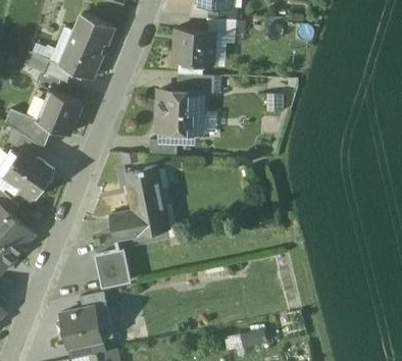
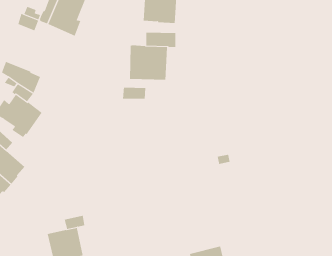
building: [41,92,83,135] -> none
building: [110,166,165,240] -> none
building: [95,251,130,288] -> none

